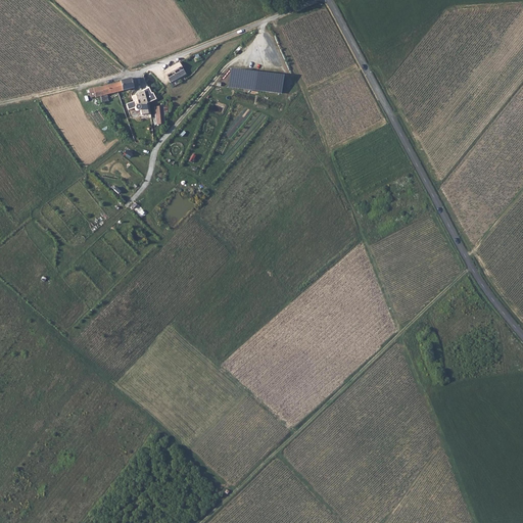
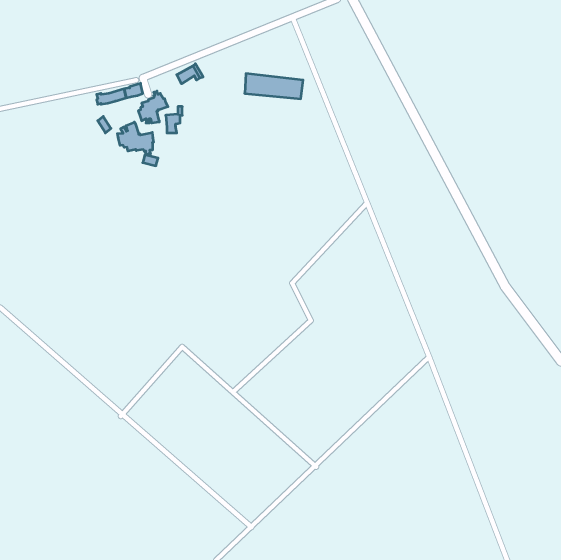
building: none -> [117,122,154,155]

